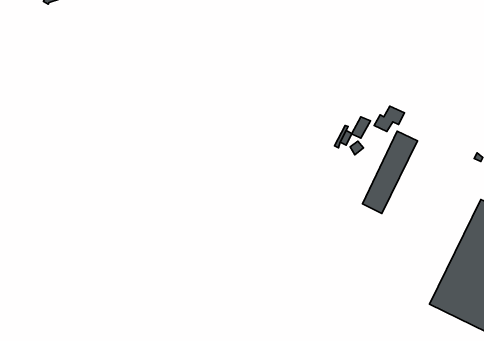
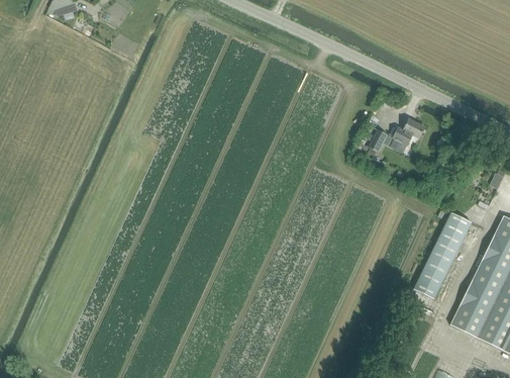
building: [362,131,418,214] -> [414,213,472,299]

